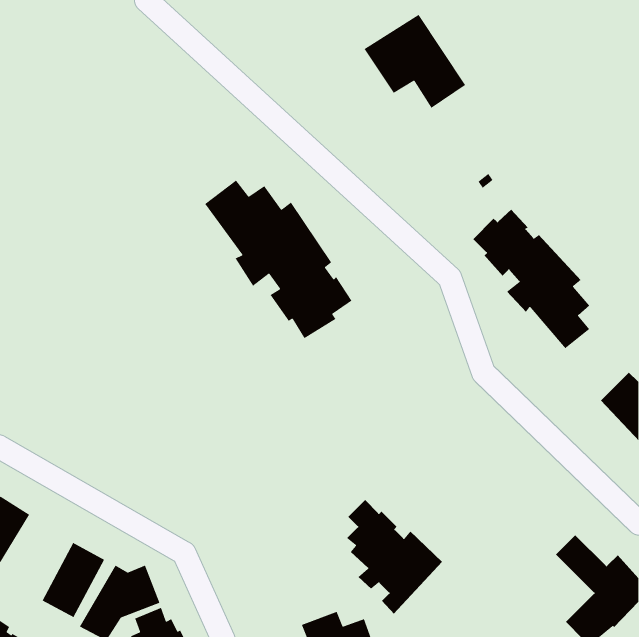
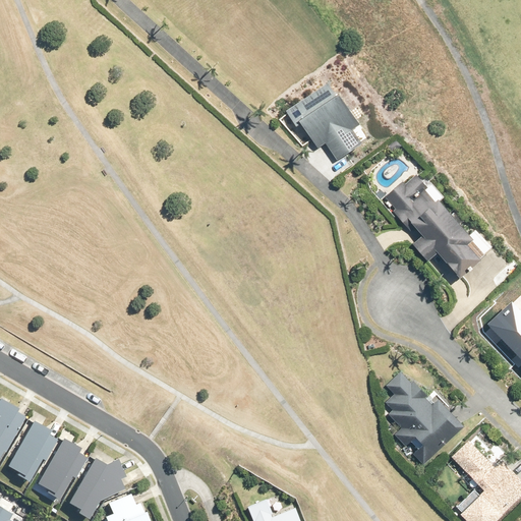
building: [364,14,466,109] -> [285,88,368,165]
building: [204,179,353,339] -> none
building: [346,499,443,614] -> [385,369,463,463]
building: none -> [5,425,57,487]

